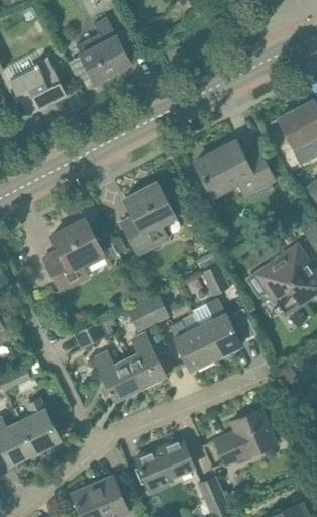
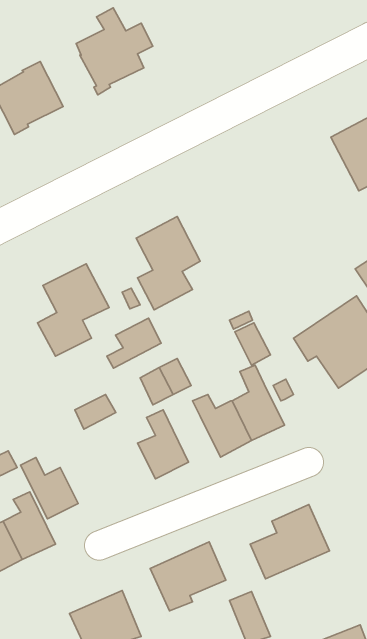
building: [195,141,274,195] -> none
building: none -> [107,318,161,368]
building: [94,352,139,401] -> [21,457,78,519]

